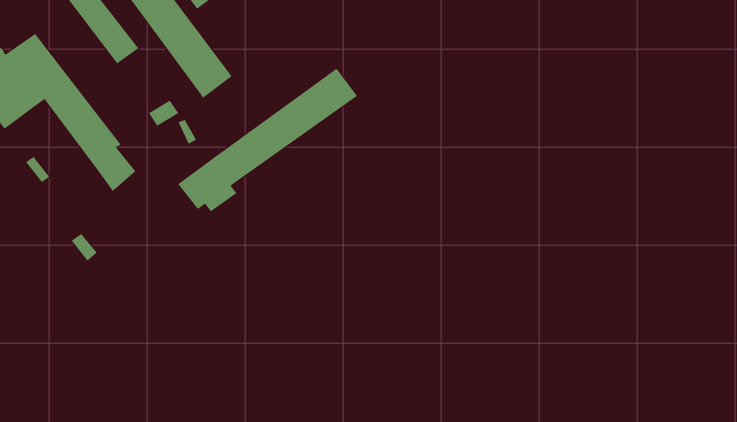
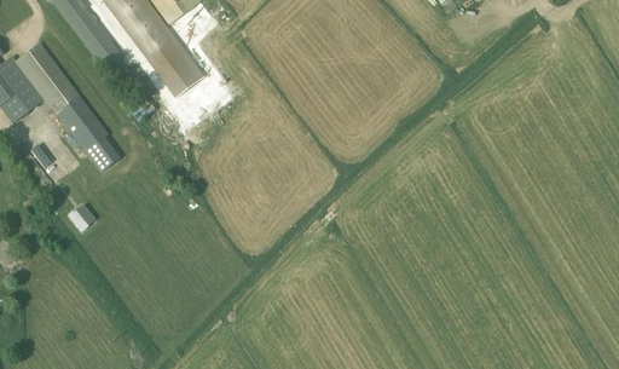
building: [178,68,358,212] -> none

